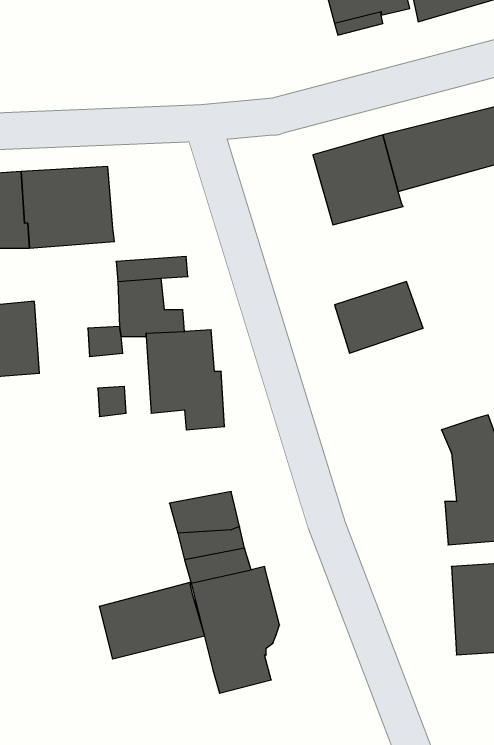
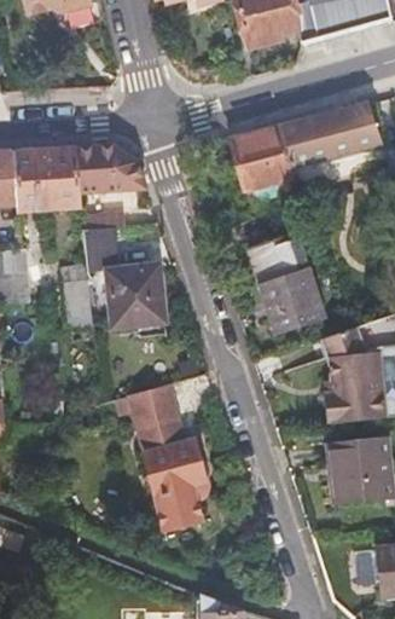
building: none -> [81,146,152,192]
building: none -> [256,265,326,334]
building: [100,582,204,659] -> none

